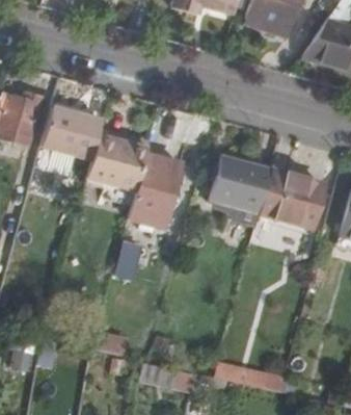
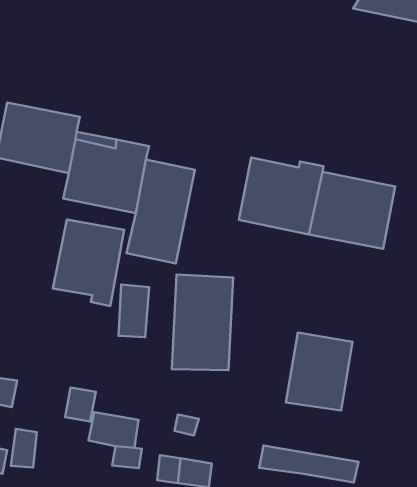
building: none -> [53,219,124,306]
building: none -> [172,275,233,370]
building: none -> [286,333,352,410]

